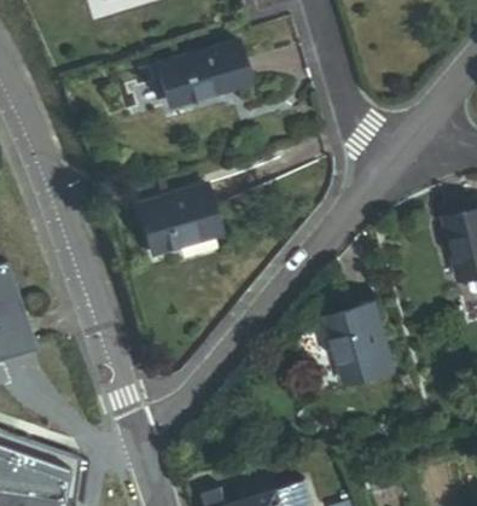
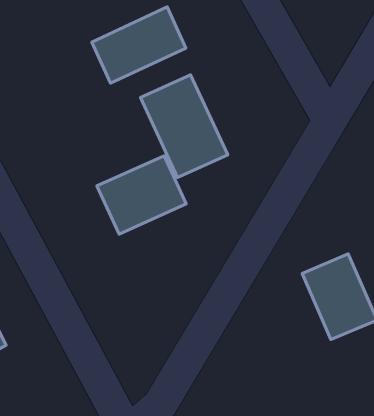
building: none -> [140,75,228,177]

